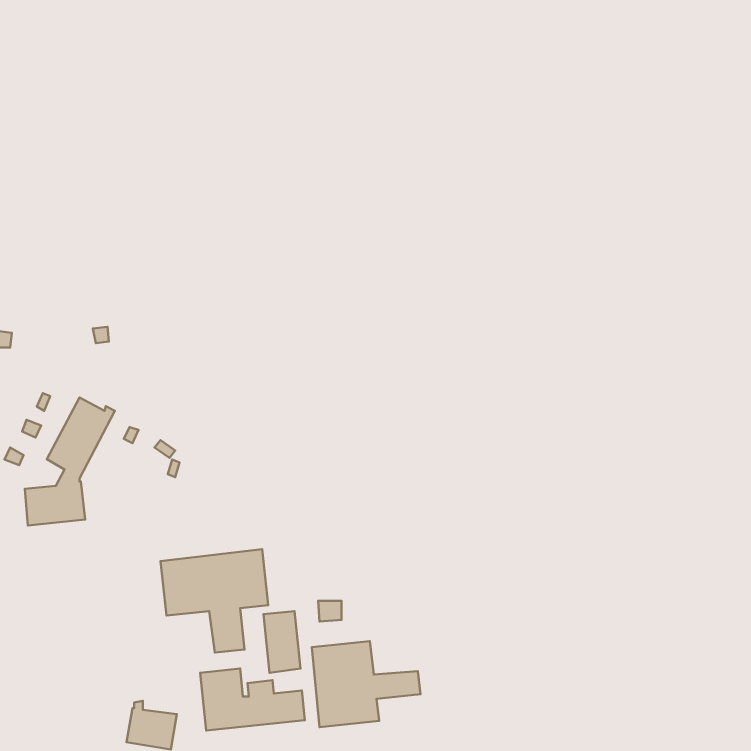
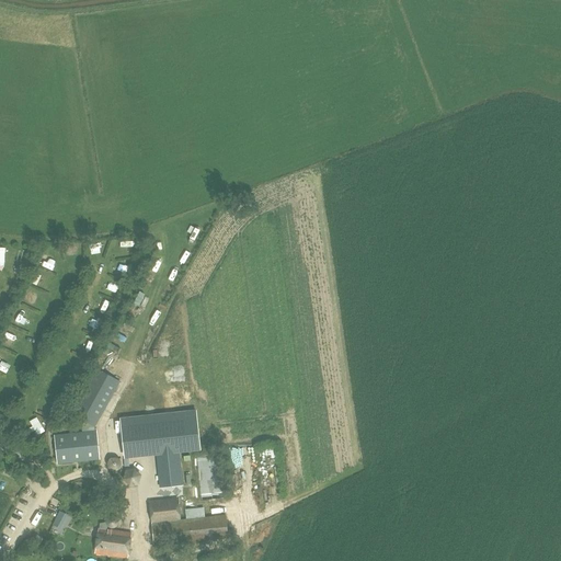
building: [25,397,115,526] -> [54,367,121,462]
building: [312,641,421,727] -> none

